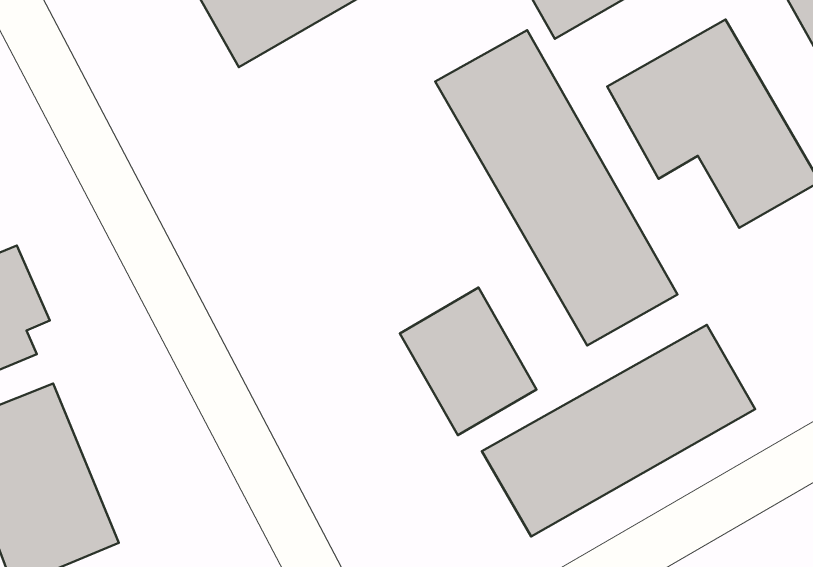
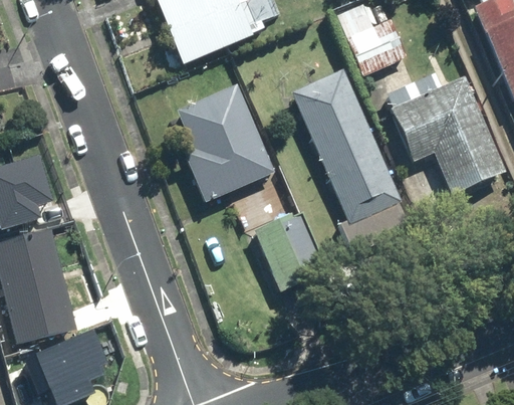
building: none -> [176,83,274,203]
building: [482,325,755,536] -> none

